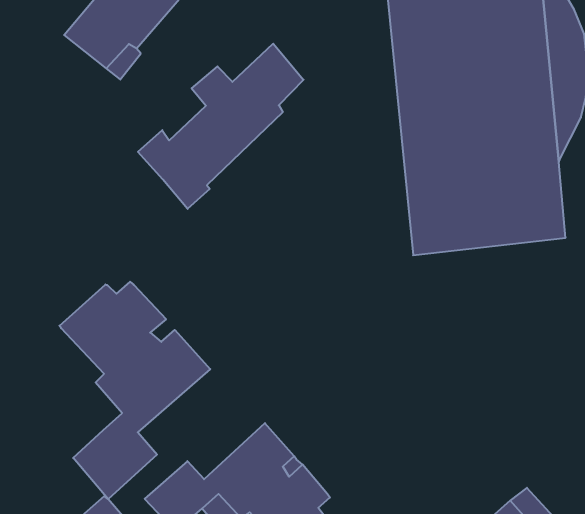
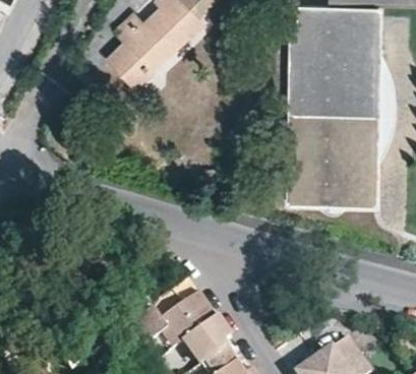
building: [138,44,304,209] -> none
building: [59,282,210,499] -> none

